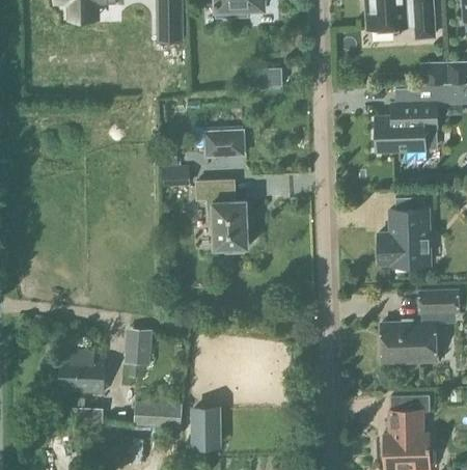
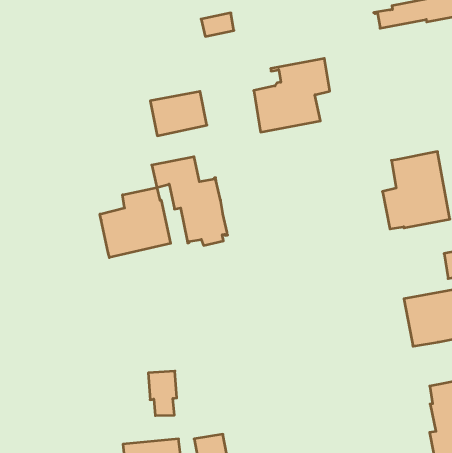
building: [376,101,437,151] -> [254,58,330,132]
building: none -> [100,187,171,258]
building: [127,340,150,378] -> [148,371,177,416]
building: [59,350,105,393] -> none

